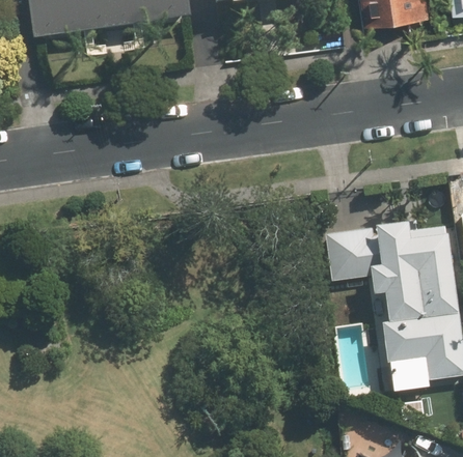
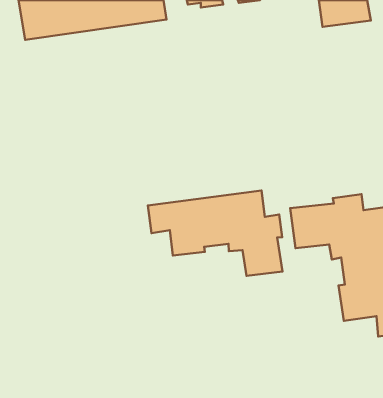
building: none -> [148,191,283,276]

